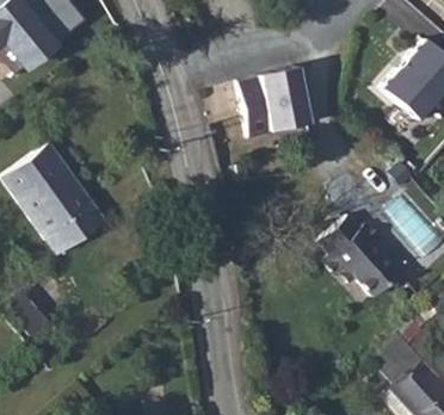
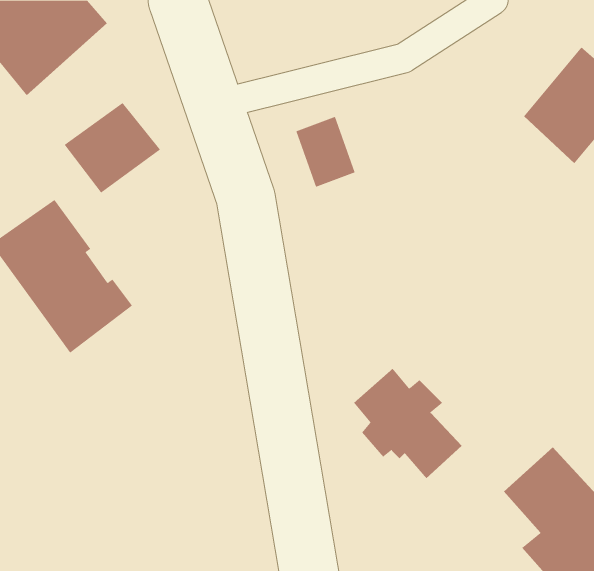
building: [267,67,312,131] -> none
building: none -> [64,102,161,194]
building: [322,212,401,292] -> [353,368,463,479]

